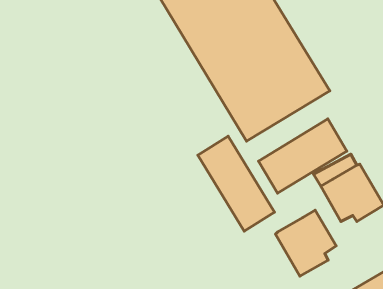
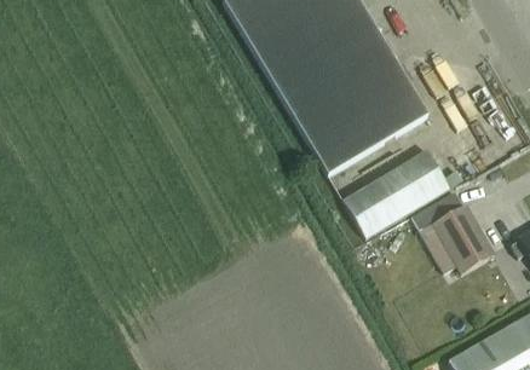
building: [198,136,275,231] -> none
building: [275,210,336,276] -> none

